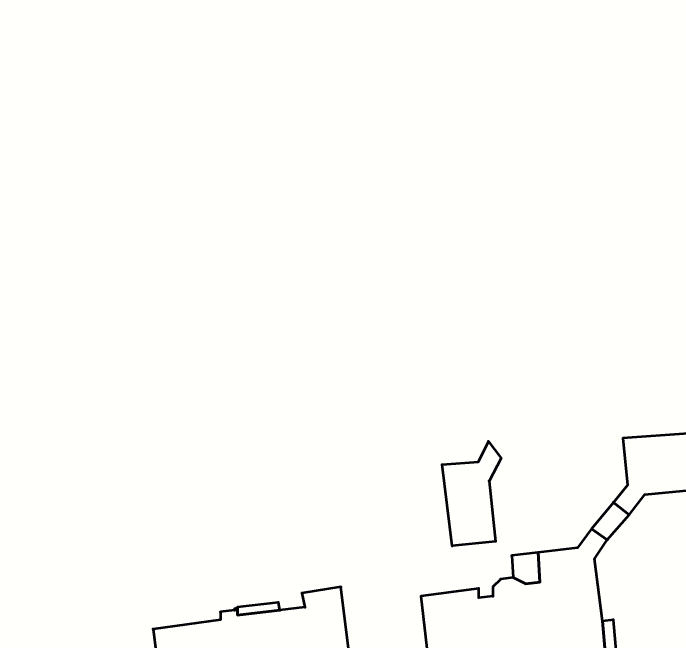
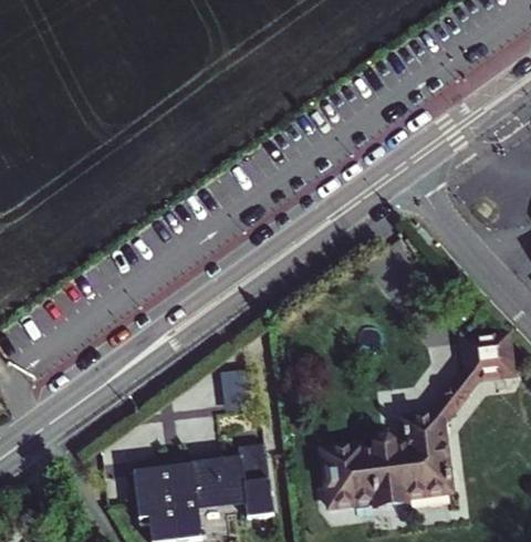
building: [442,441,501,546] -> none

